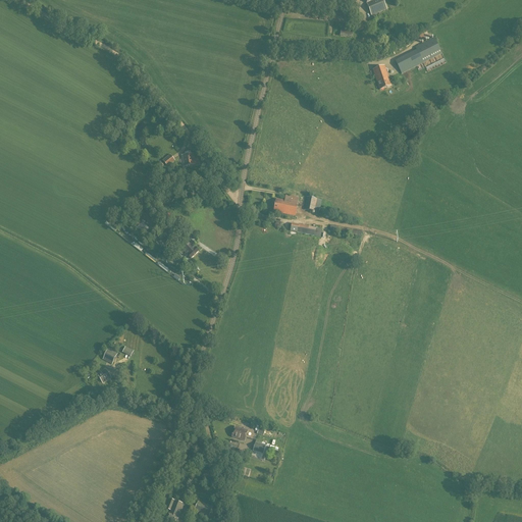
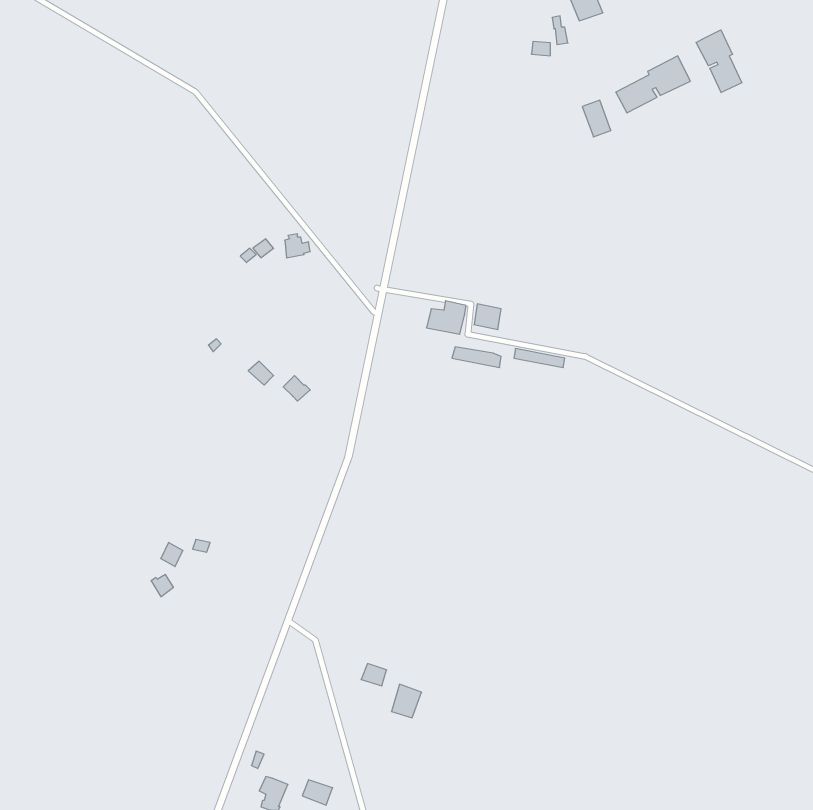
building: none -> [696,30,742,93]

